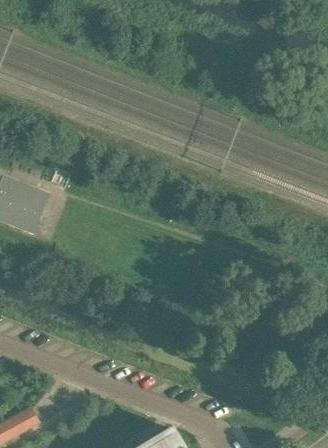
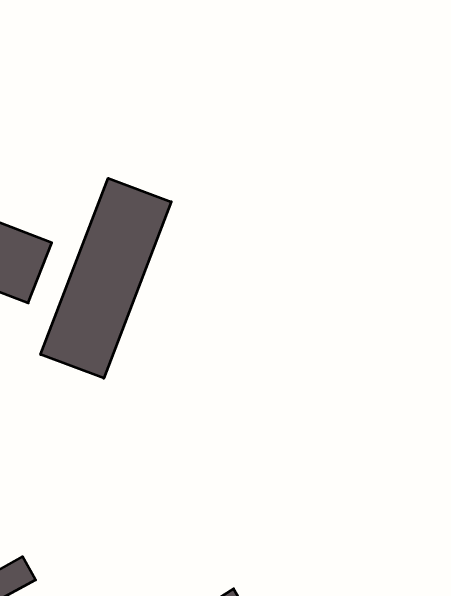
building: none -> [41,178,171,378]

